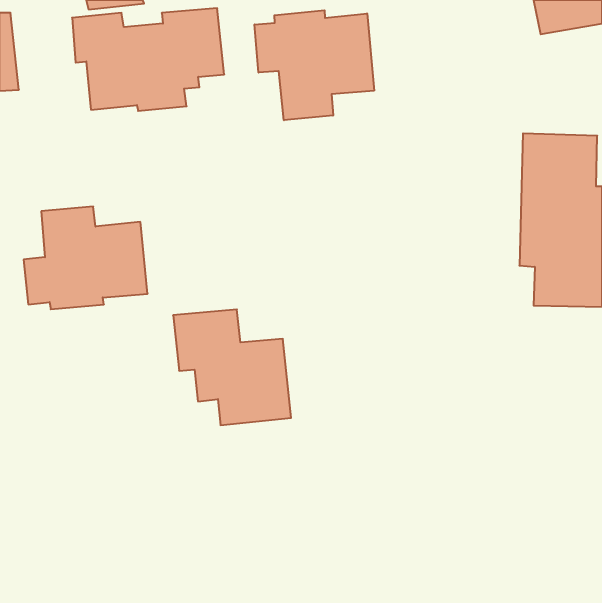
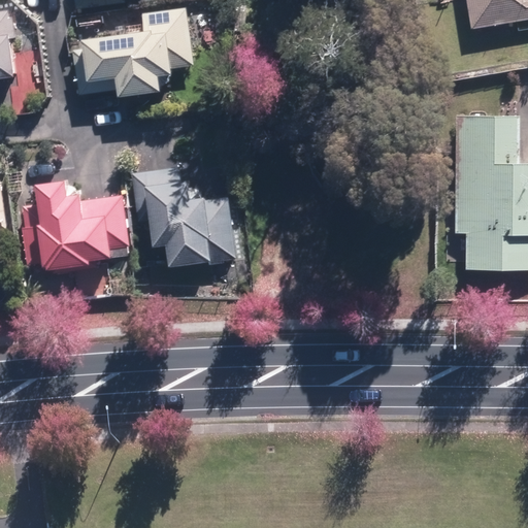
building: [255,10,374,120] -> none
building: [173,309,291,425] -> [132,166,235,267]

